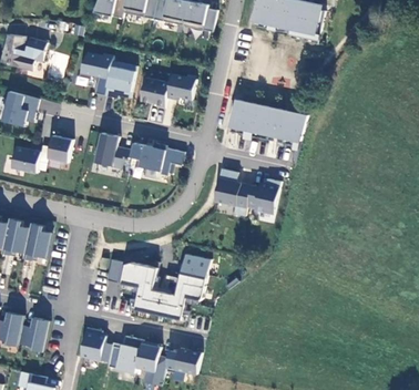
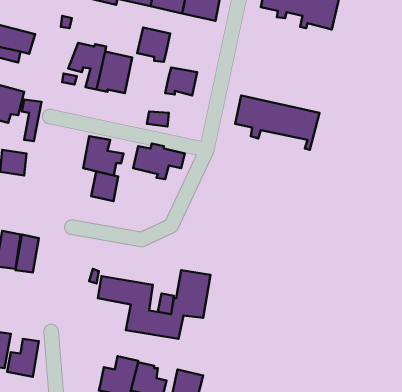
building: [139,75,168,106] -> [137,28,170,62]
building: [47,134,71,161] -> [91,172,118,201]
building: [245,177,278,213] -> none
building: [215,178,243,206] -> none
building: [79,326,111,360] -> none

